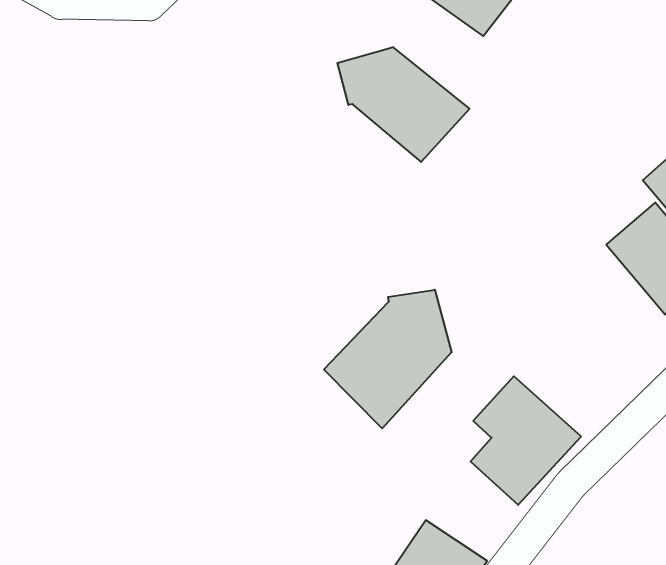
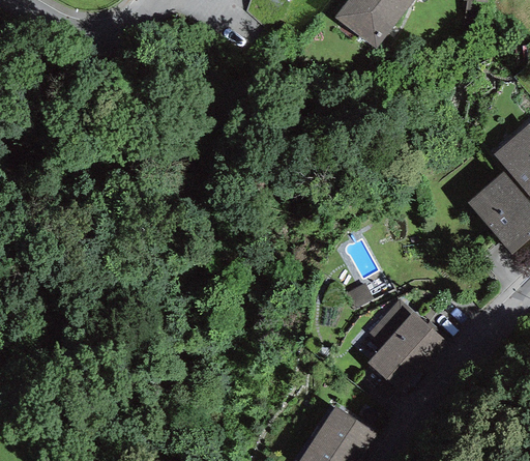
building: [337,47,469,162] -> none
building: [324,290,452,428] -> none

